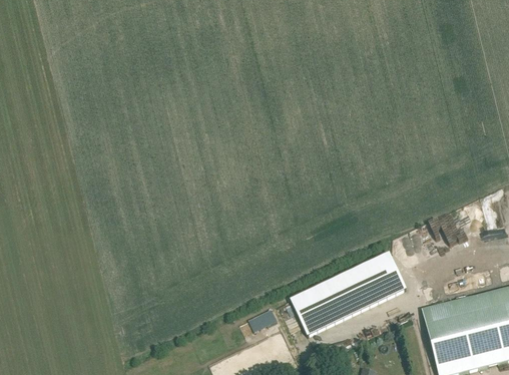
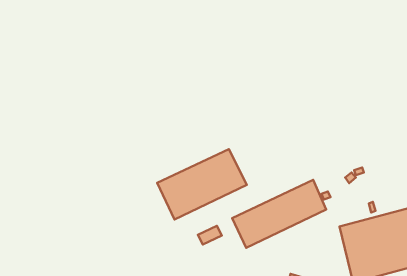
building: none -> [157,149,247,219]

